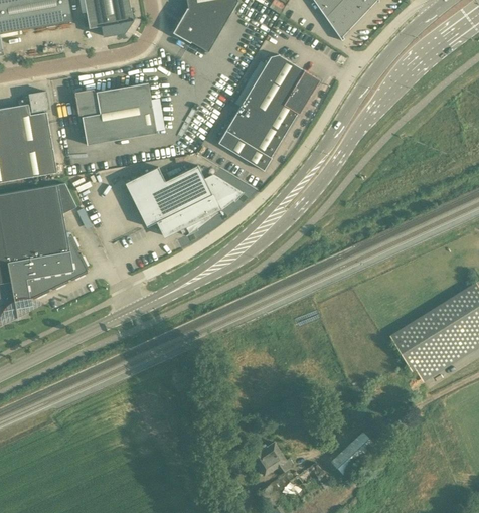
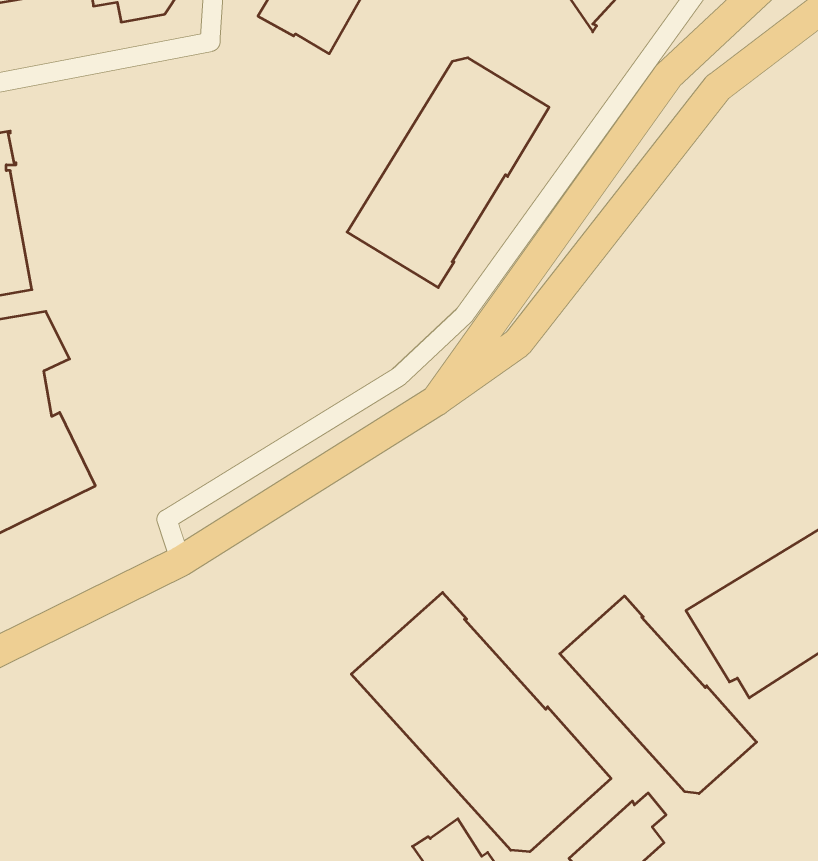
building: [77,82,156,145] -> none
building: [124,165,242,236] -> none
building: none -> [351,592,611,852]
building: none -> [560,596,757,794]

